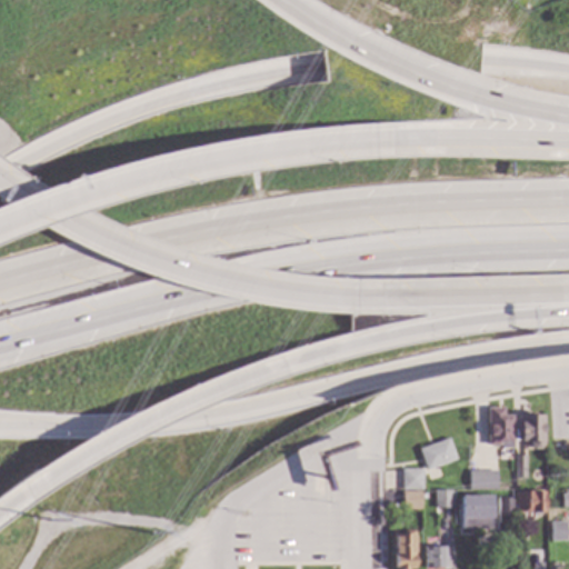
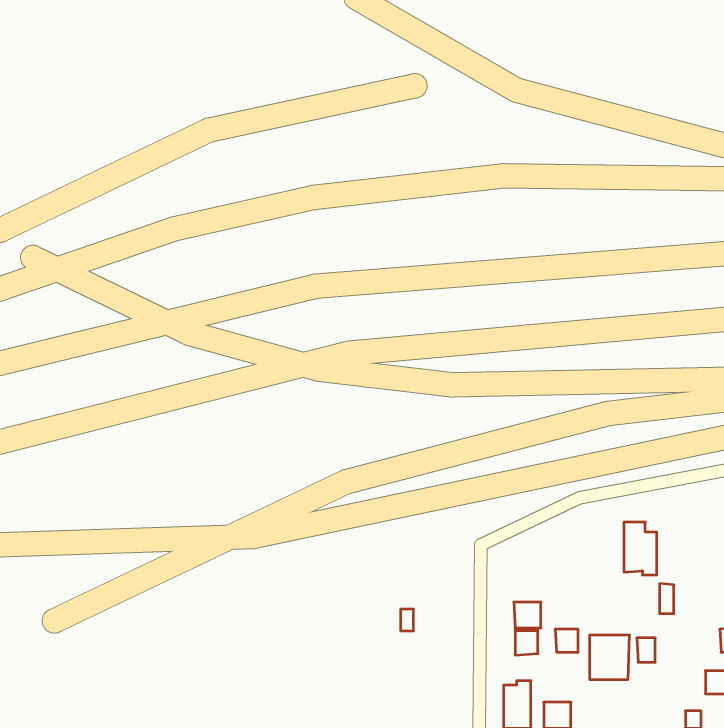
building: [523,413,548,448] -> none
building: [421,437,459,469] -> none
building: [471,469,500,488] -> none
building: [518,489,547,511] -> none

